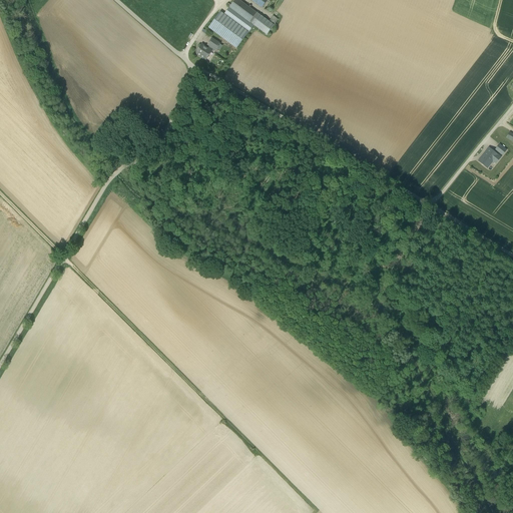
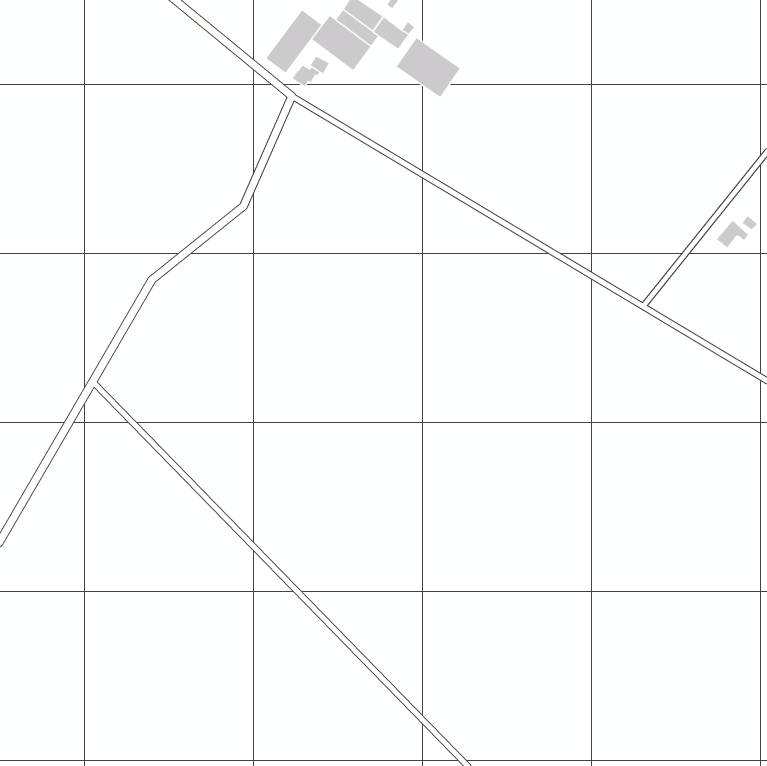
building: none -> [266,10,322,73]
building: none -> [396,37,461,98]

